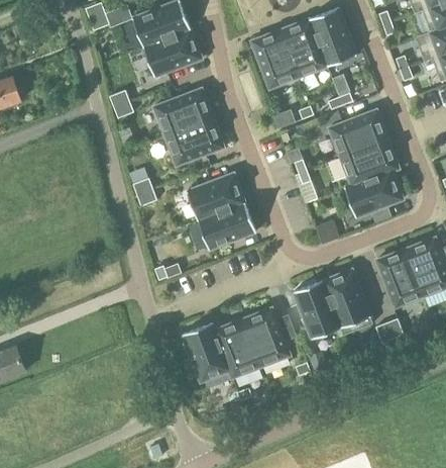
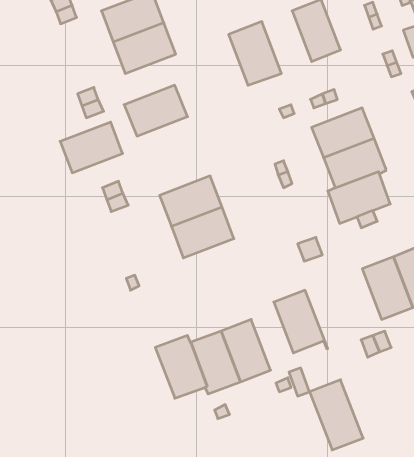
building: [283,18,329,77] -> none
building: [165,117,224,165] -> [60,122,123,173]
building: [323,269,373,335] -> [309,380,363,450]

